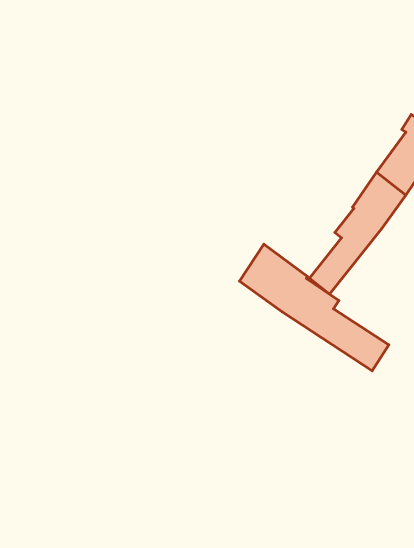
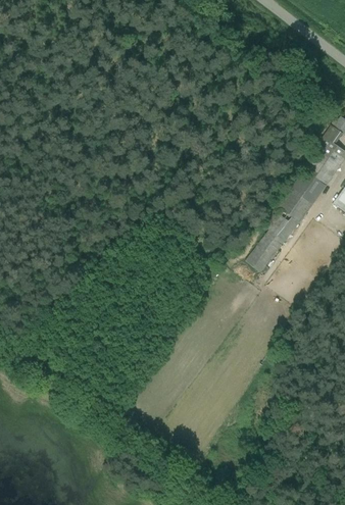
building: [239,244,389,371] -> none

